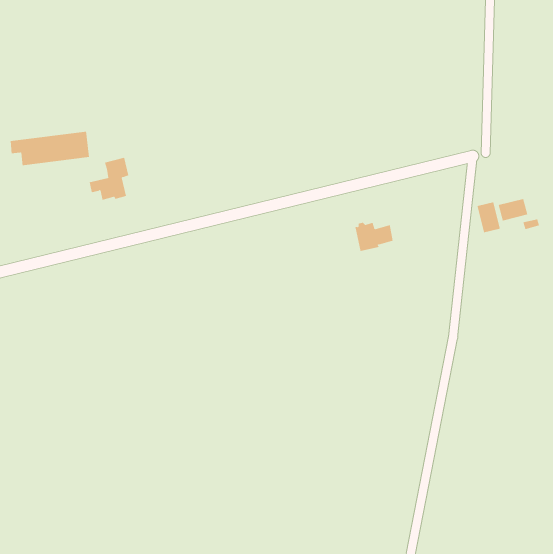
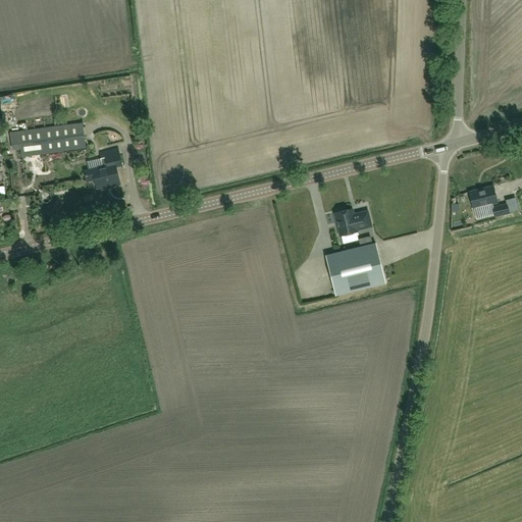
building: [477,201,500,233] -> none
building: none -> [324,244,384,296]

